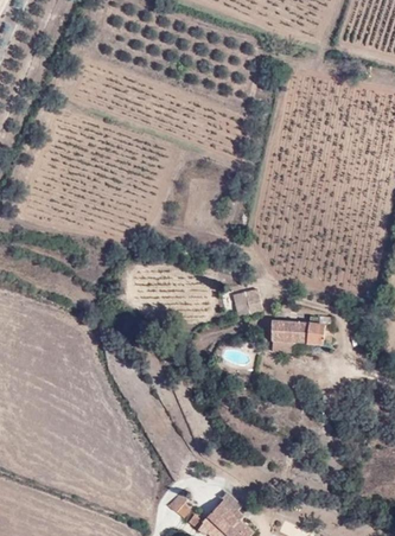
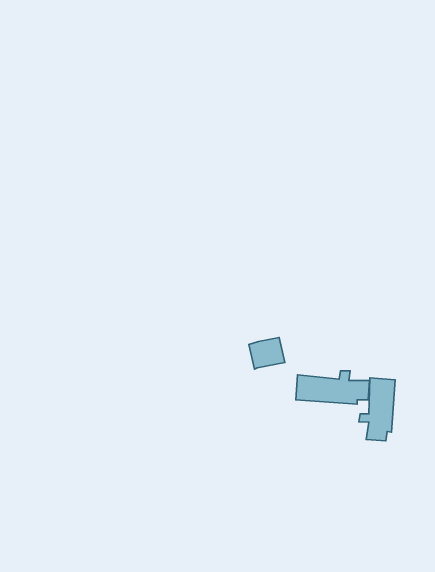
building: none -> [359,378,395,441]

